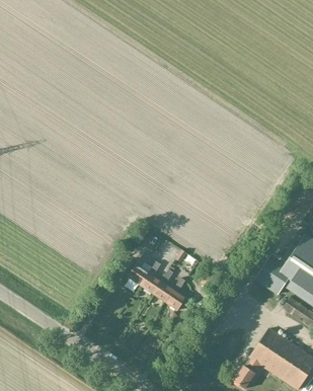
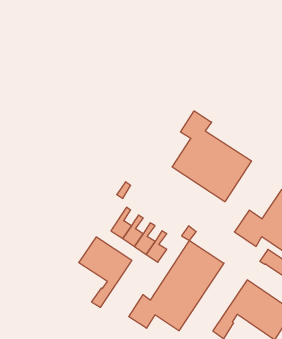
building: none -> [172,111,251,202]
building: none -> [79,237,132,307]
building: none -> [129,241,224,331]

